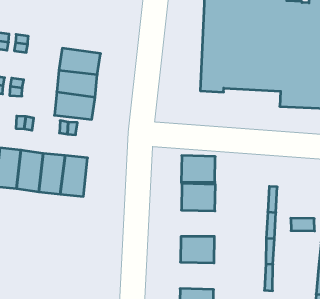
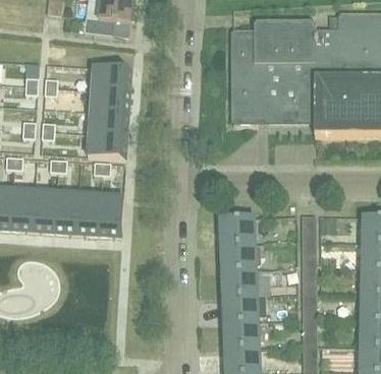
building: none -> [92,64,131,89]
building: [181,156,215,182] -> [220,240,255,267]
building: none -> [222,292,257,319]

